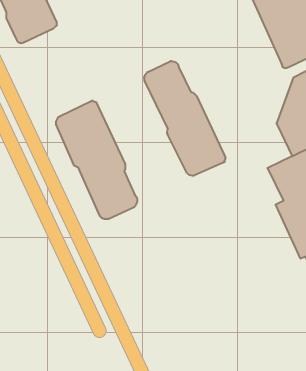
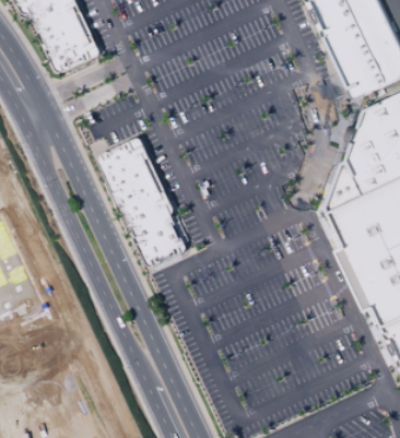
building: [144,61,225,176] -> none
building: none -> [325,164,358,213]

